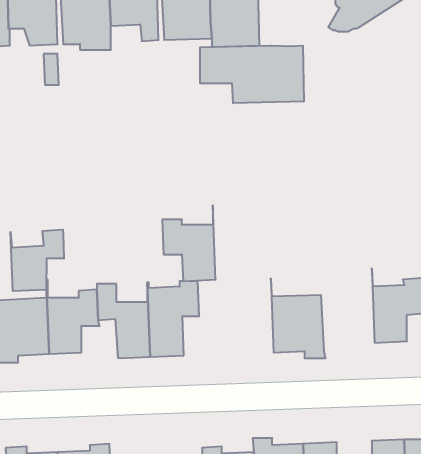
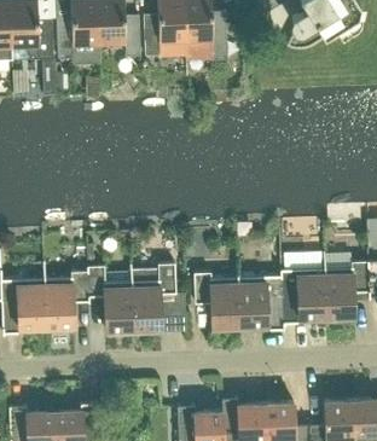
building: [200,45,304,103] -> none
building: [162,205,216,281] -> [193,261,239,326]
building: [11,230,64,291] -> none
building: none -> [280,253,326,324]

